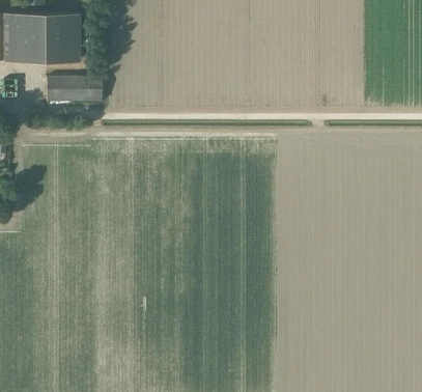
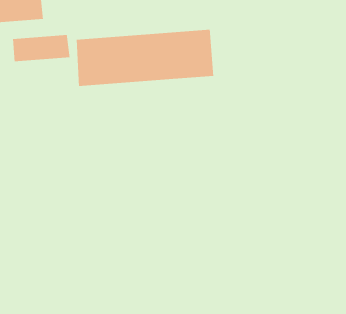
building: none -> [76,29,214,87]

